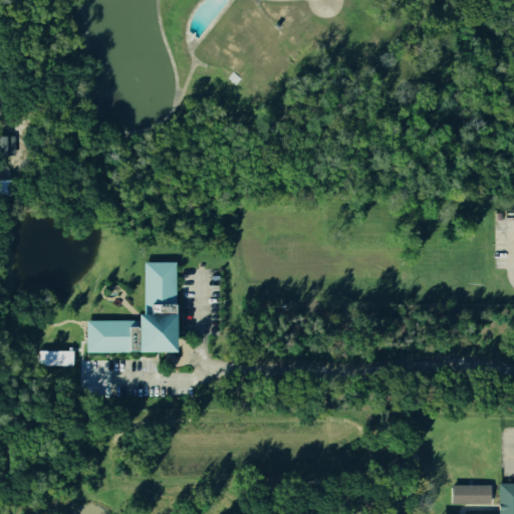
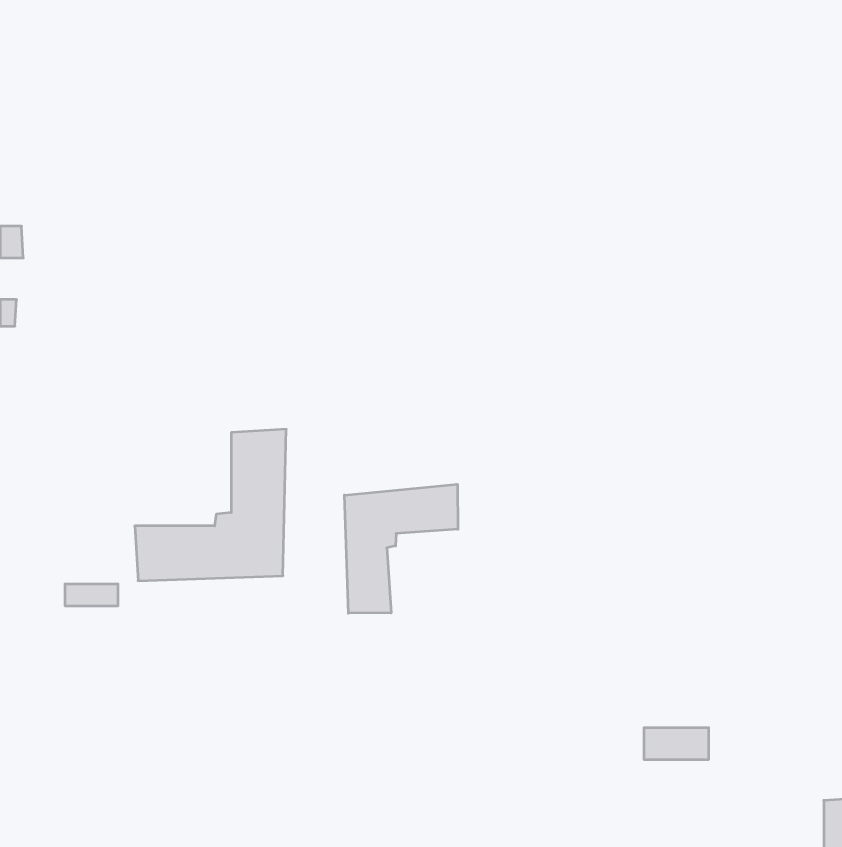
building: none -> [344,484,458,613]
building: [455,489,494,508] -> [644,728,709,759]

